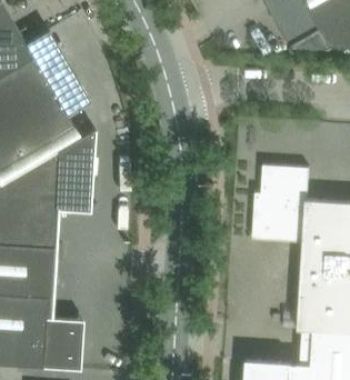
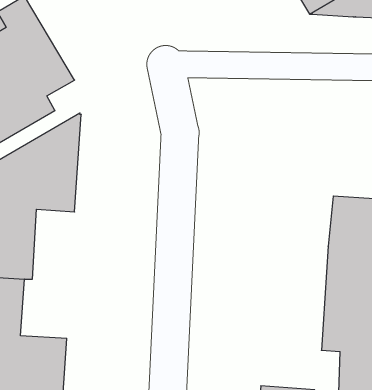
building: [253,166,310,242] -> none

